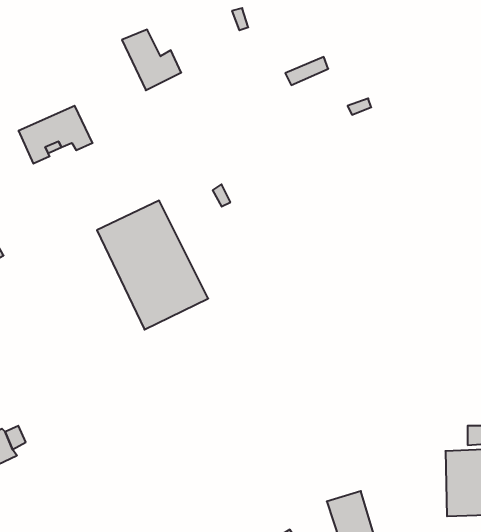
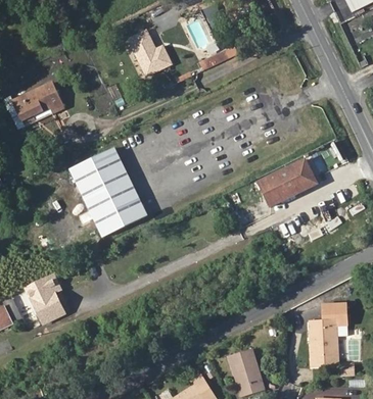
building: [122,30,181,90] -> [128,32,169,73]
building: none -> [257,159,317,206]
building: none -> [26,273,64,323]

